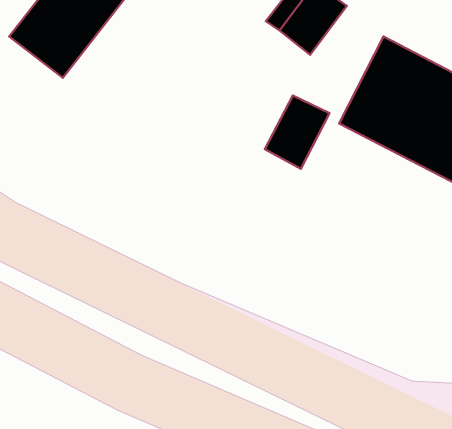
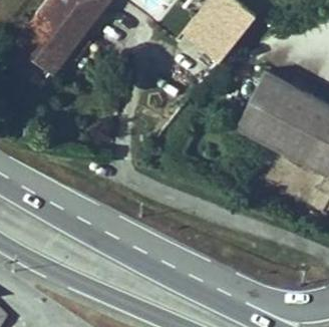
building: [265,96,330,169] -> none

